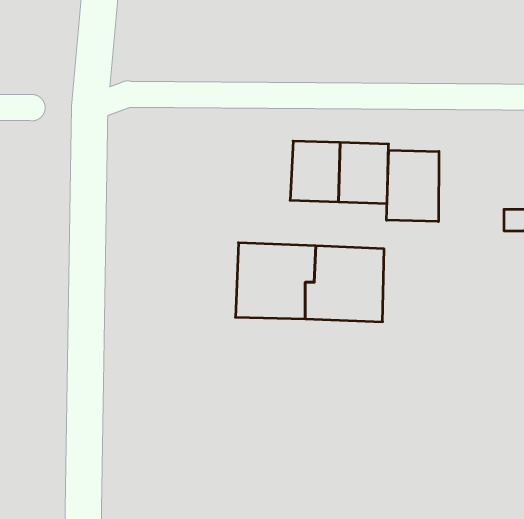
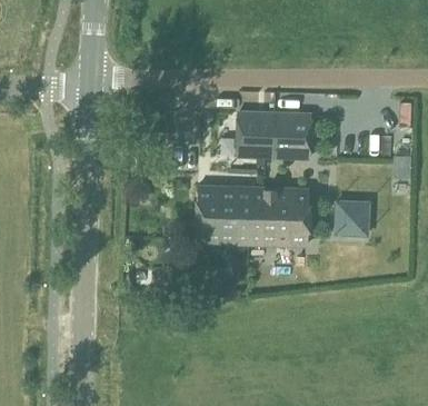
building: [387,150,439,222] -> none
building: none -> [335,199,370,235]

